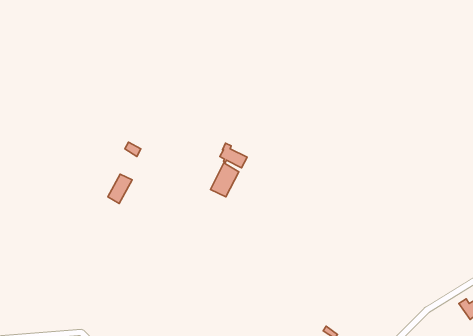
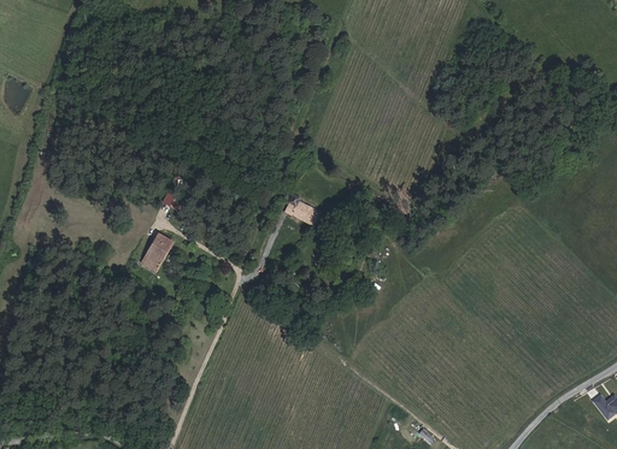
building: [210,163,239,197] -> none

